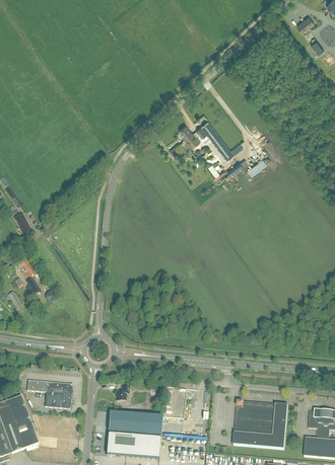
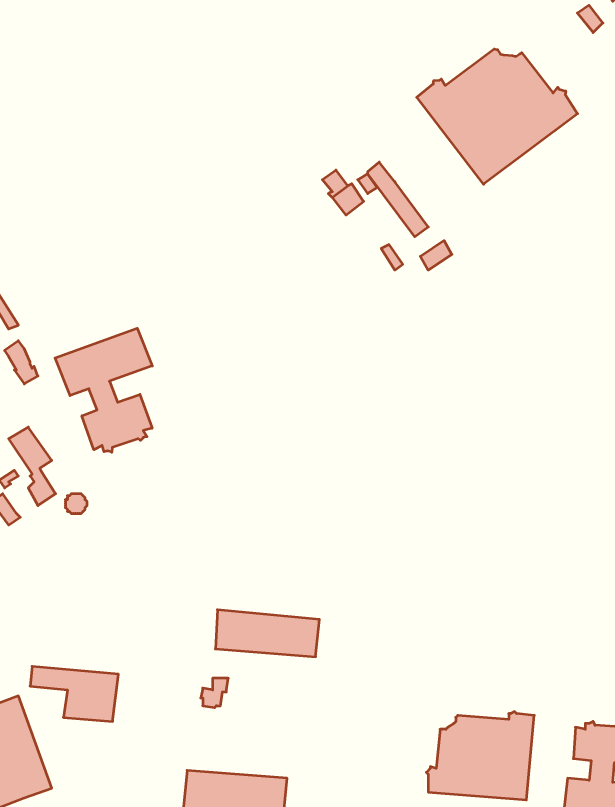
building: none -> [417,49,578,184]
building: none -> [55,328,152,452]
building: [108,410,161,435] -> [215,610,319,657]

